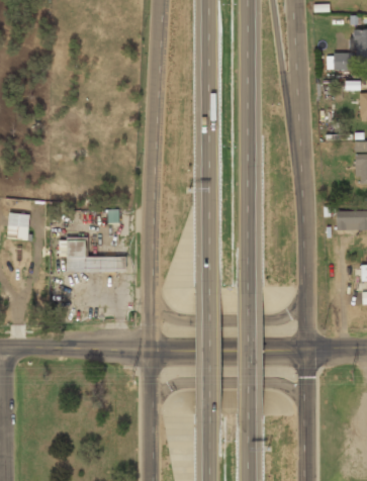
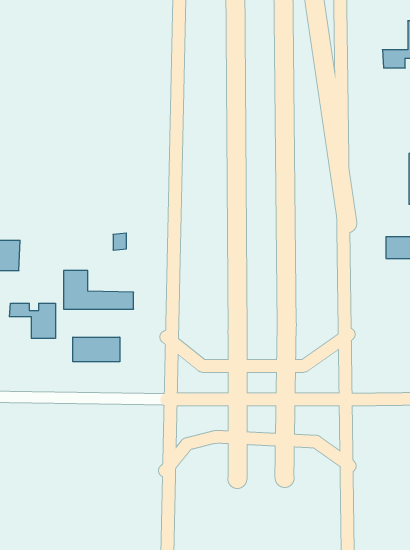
building: none -> [9,303,55,338]
building: none -> [73,337,120,362]

